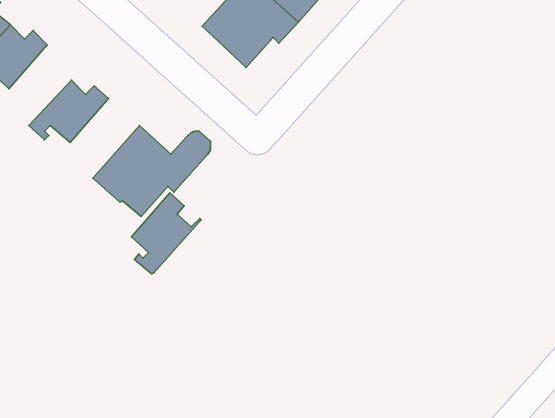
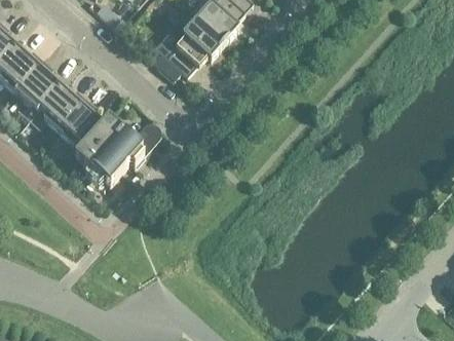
building: none -> [13,61,59,119]
building: [132,193,201,274] -> [58,100,108,158]

